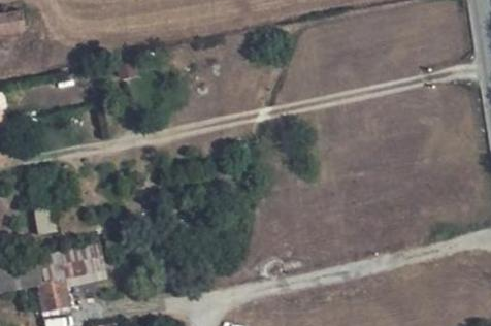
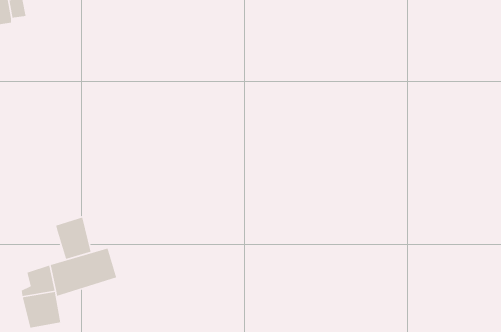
building: none -> [55,217,91,260]

